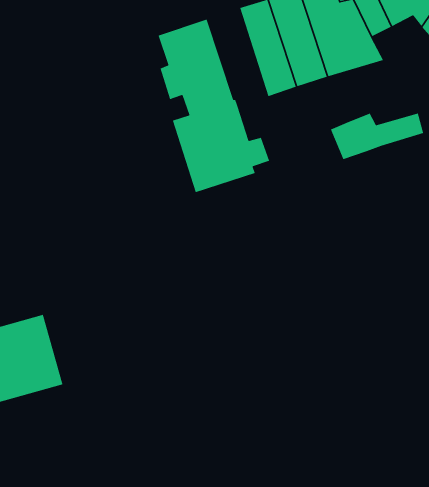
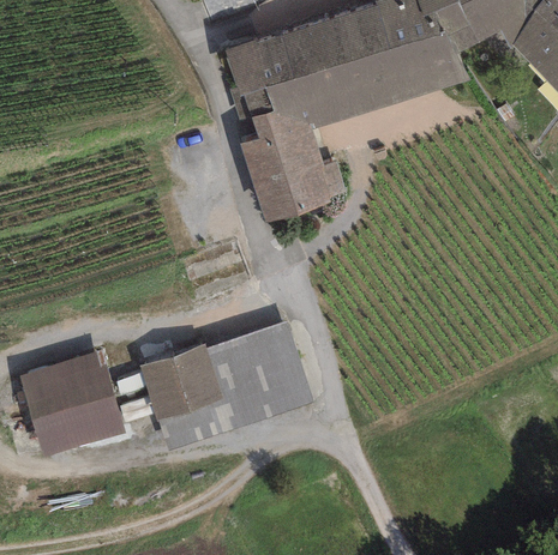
building: none -> [280,22,346,128]
building: [330,112,424,160] -> none
building: none -> [139,319,312,450]

